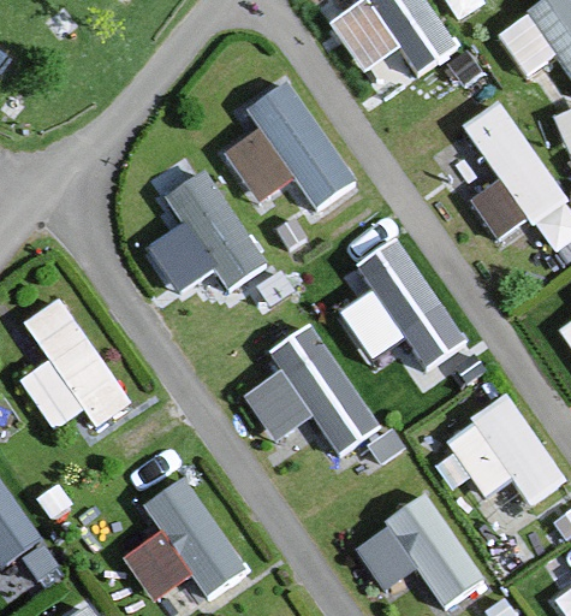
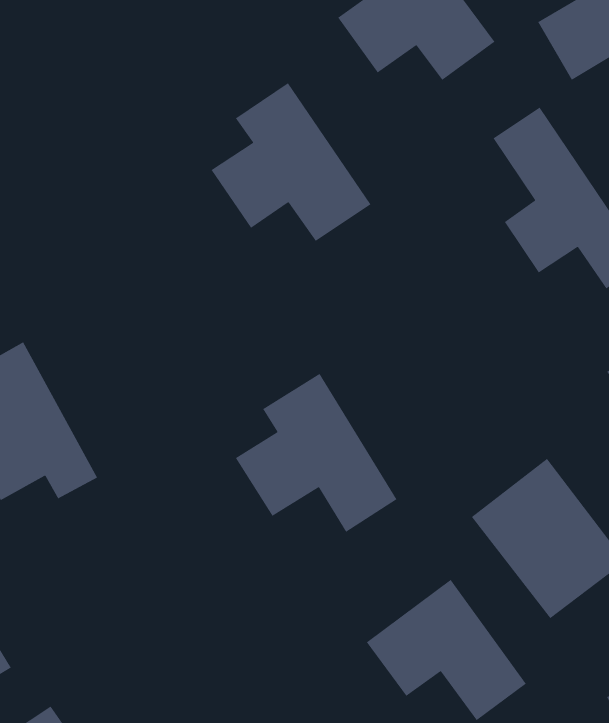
building: [143,170,269,292] -> none
building: [339,237,470,372] -> none
building: [121,474,252,598] -> none

